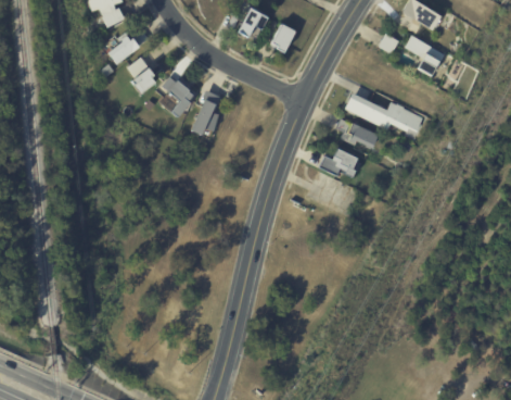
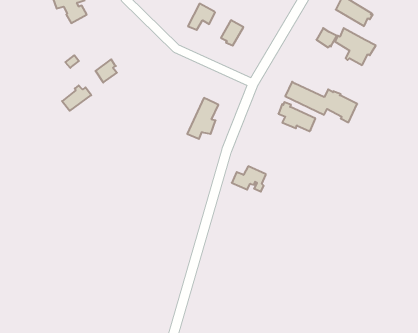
building: [106,36,139,64] -> [62,85,91,111]
building: [163,76,193,117] -> none
building: [189,90,223,136] -> [187,98,218,139]
building: [319,147,357,175] -> [232,166,266,192]

